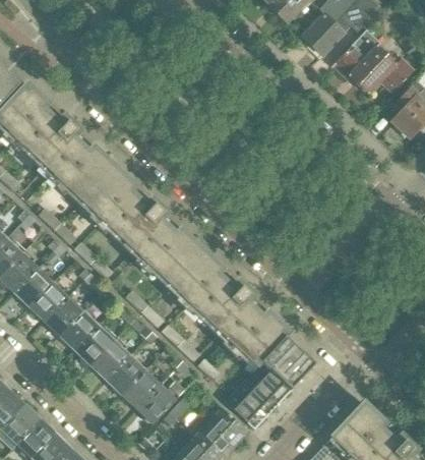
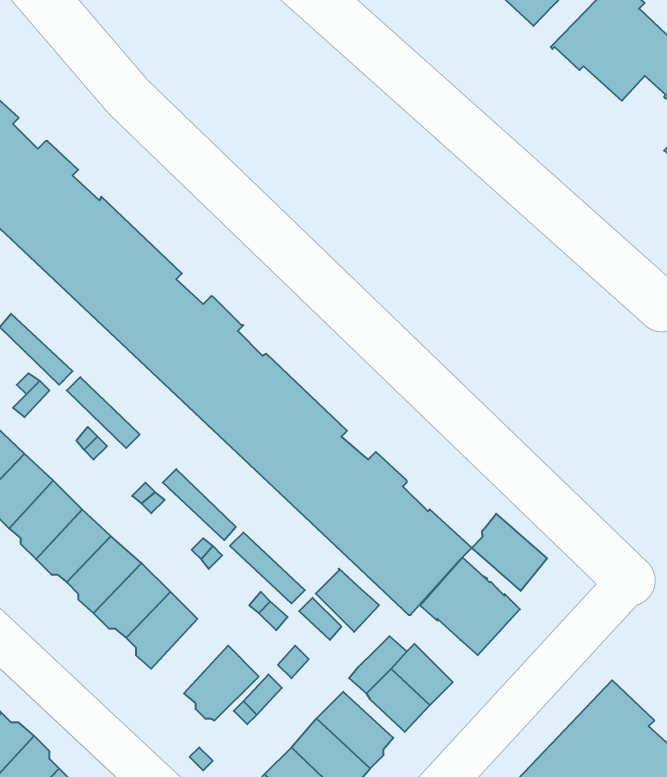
building: none -> [472,514,547,591]
building: [119,368,160,408] -> none
building: [258,368,292,402] -> [316,569,379,632]

